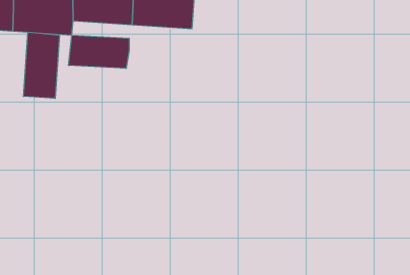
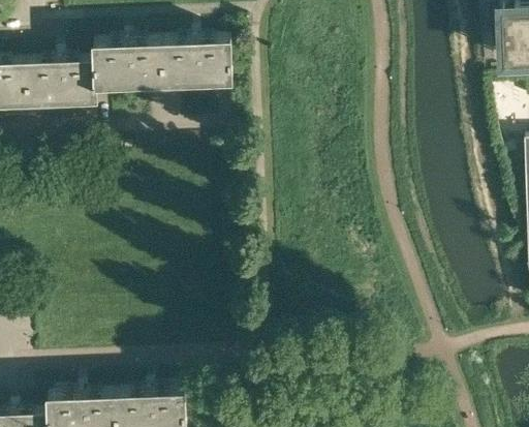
building: [24,32,59,99] -> none
building: [69,35,129,69] -> none

